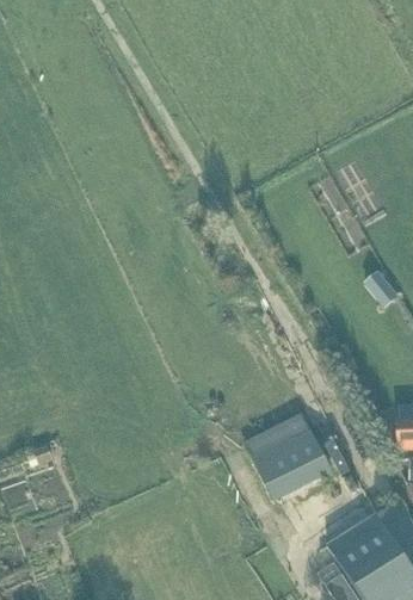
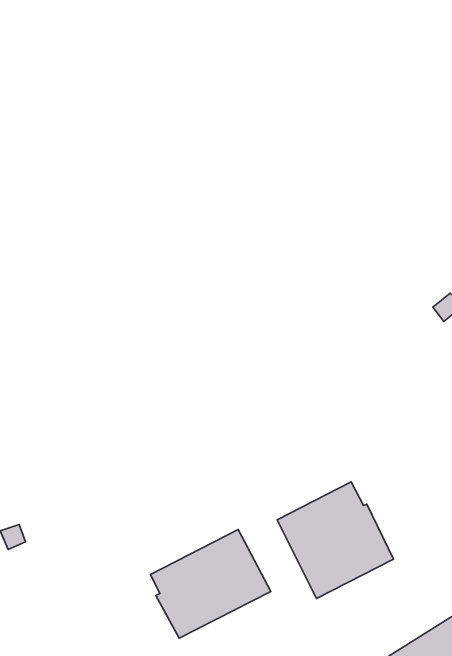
building: none -> [151,530,271,638]

